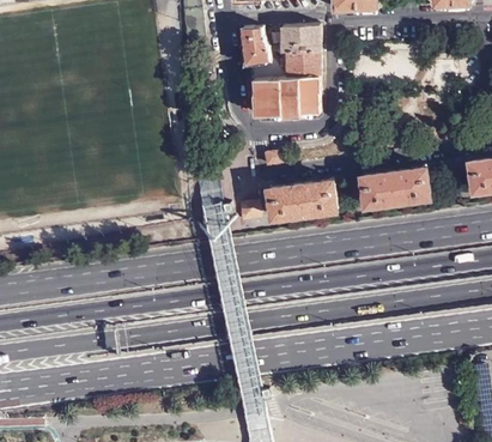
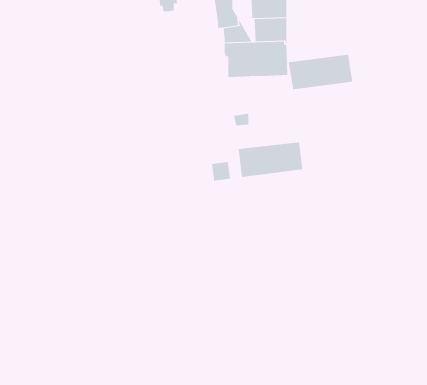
building: [360,170,429,207] -> [288,54,353,90]

